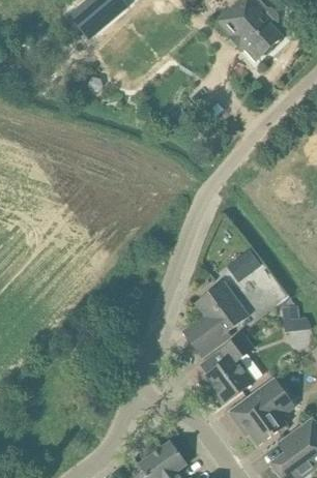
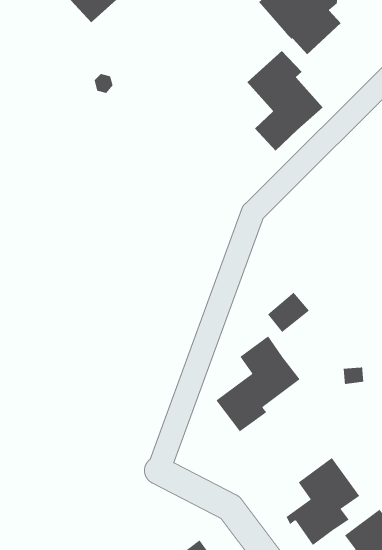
building: none -> [246,50,323,152]
building: [206,333,262,404] -> none

